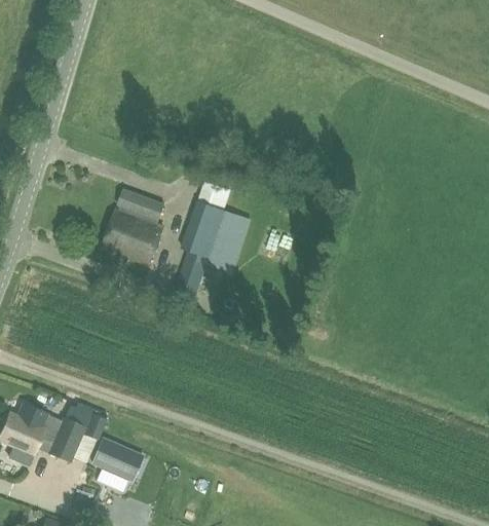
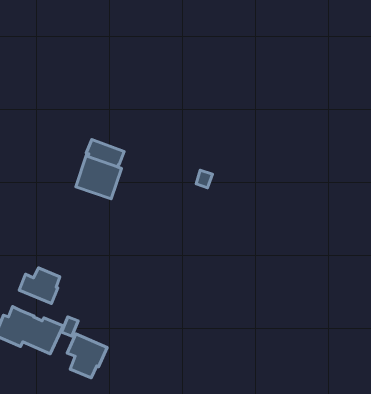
building: [175,181,252,296] -> none
building: none -> [19,268,60,304]

